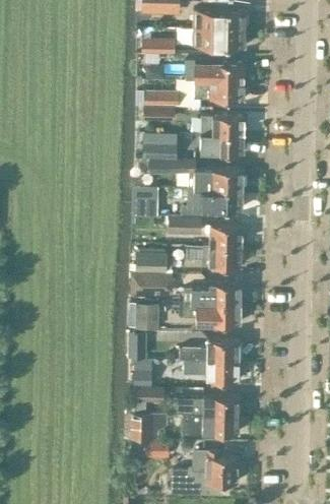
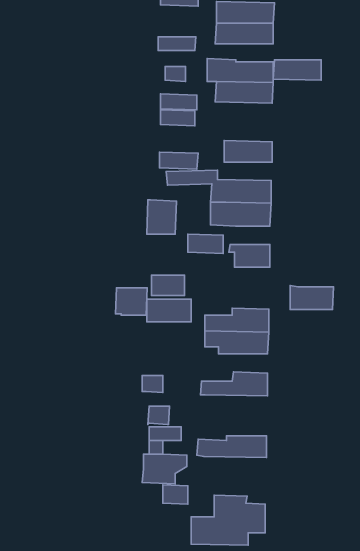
building: [201,117,244,135] -> [273,60,321,80]
building: [203,246,242,267] -> [290,286,333,310]
building: [132,306,160,330] -> [115,288,147,315]
building: [184,361,240,381] -> none
building: [182,416,239,435] -> none

